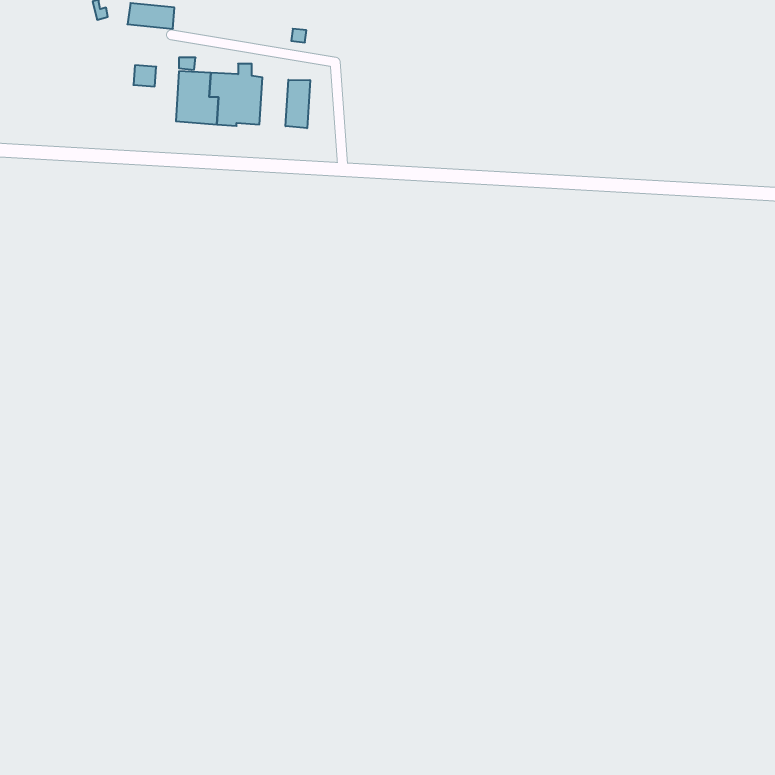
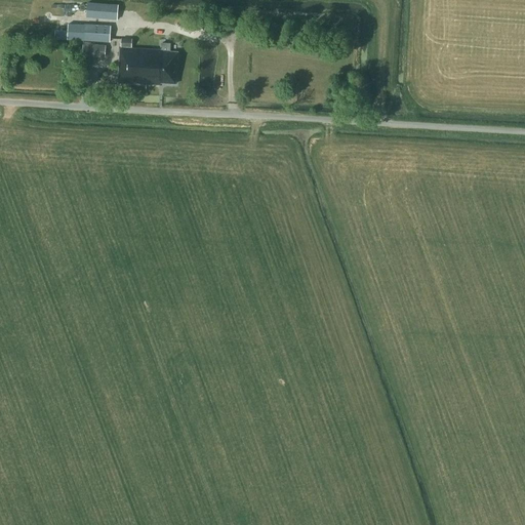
building: none -> [54,25,110,42]
building: [286,80,310,128] -> none

